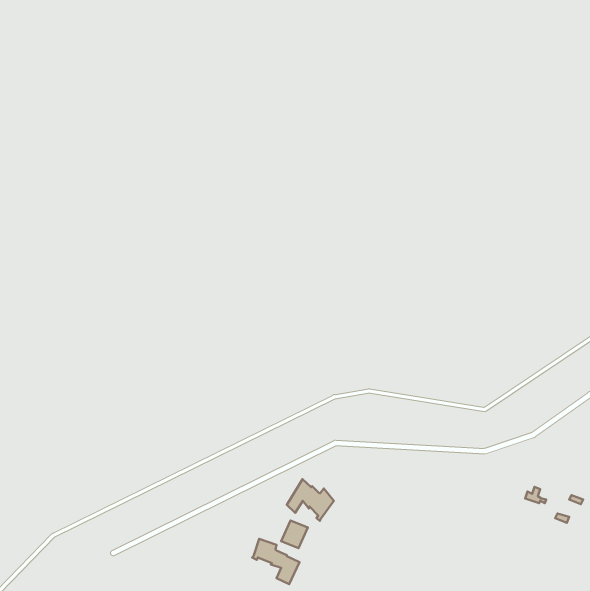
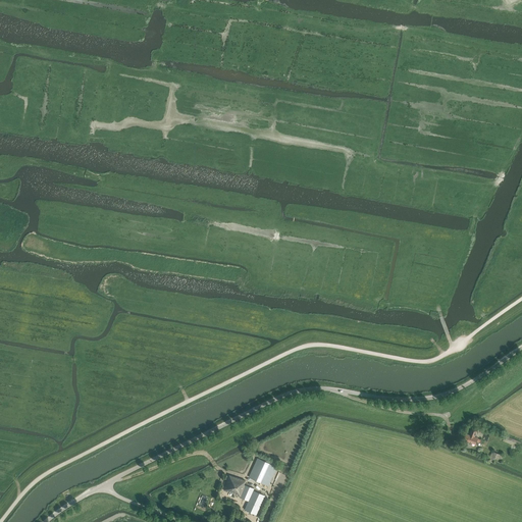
building: [287,479,334,521] -> none

